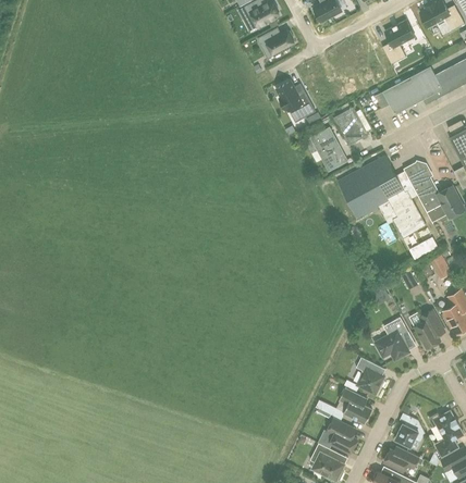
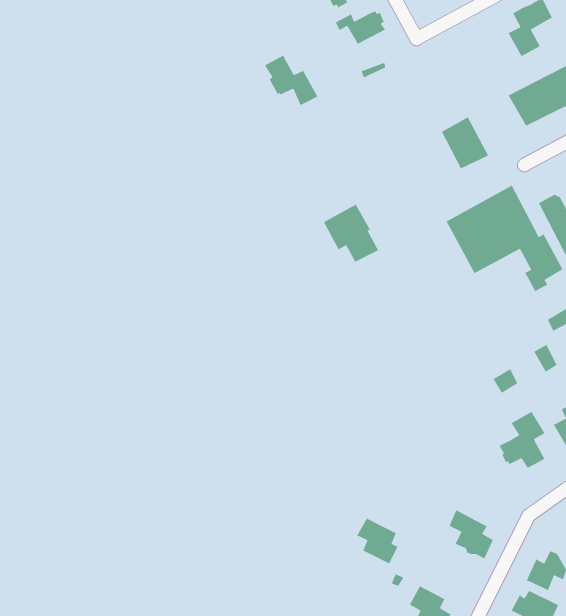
building: [277,81,316,117] -> [264,55,319,106]
building: [306,127,346,170] -> [323,204,379,263]
building: [356,357,385,394] -> none
building: [327,418,357,451] -> [356,518,398,565]

